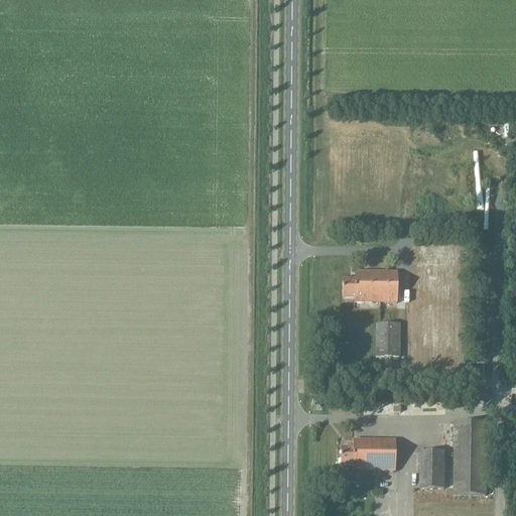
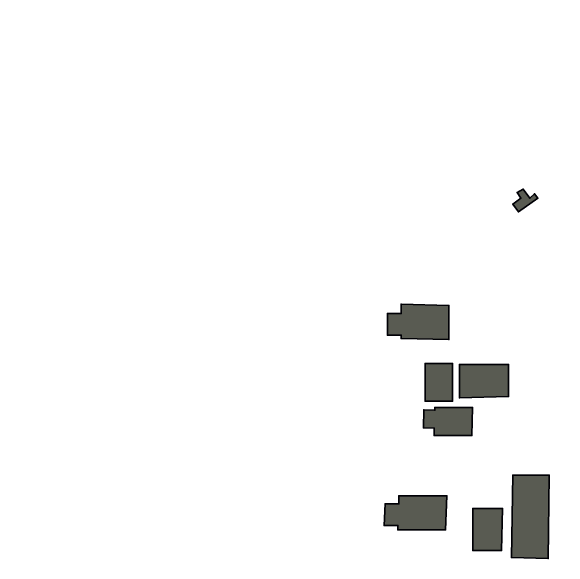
building: none -> [459,365,508,398]
building: none -> [424,407,472,435]

